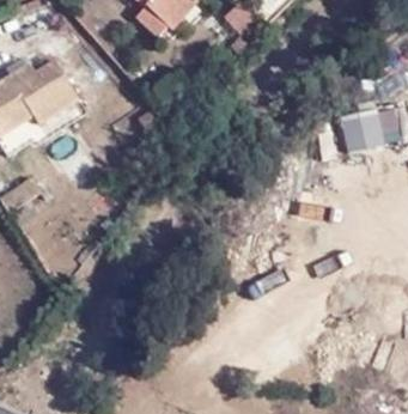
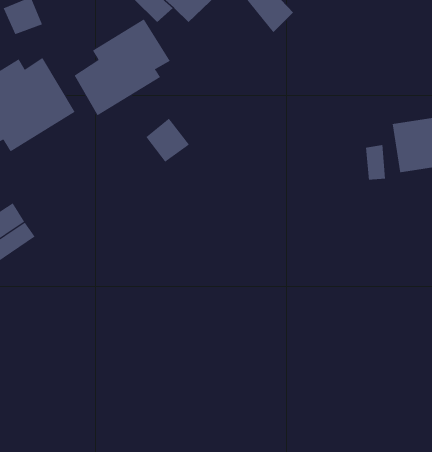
building: none -> [74,19,171,116]

